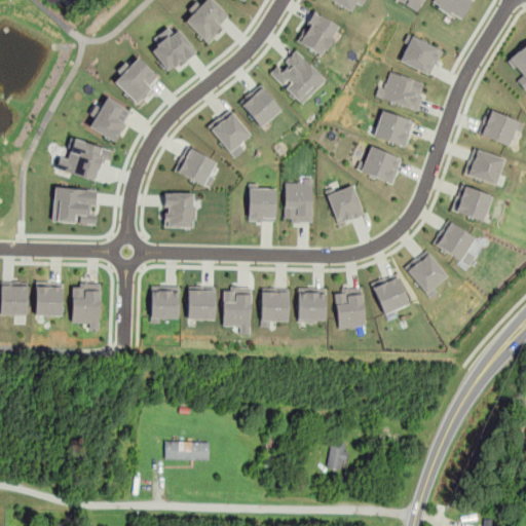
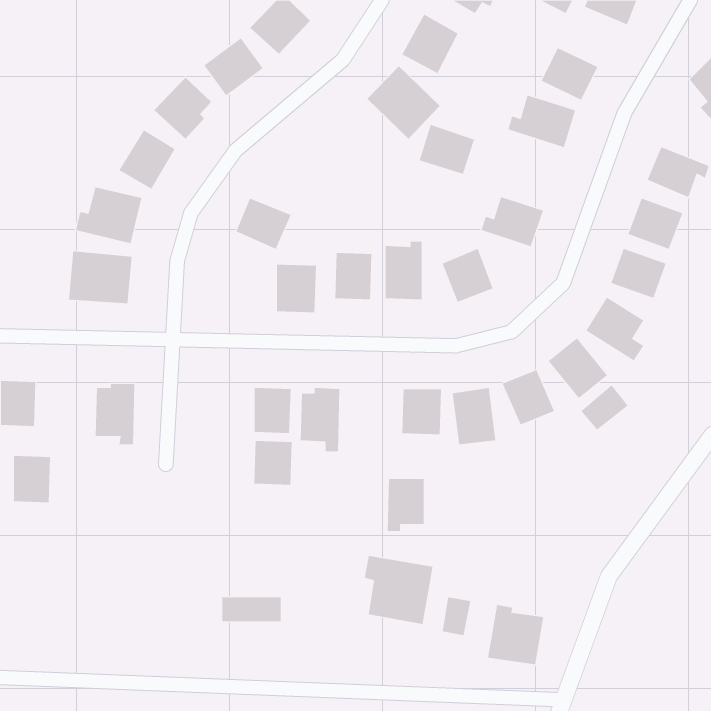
building: [240,85,281,127] -> none
building: [209,110,251,158] -> none
building: [373,110,414,147] -> [419,124,475,174]
building: [164,192,194,228] -> [276,264,317,313]
building: [35,281,63,316] -> [13,455,51,503]
building: none -> [581,385,629,431]
building: [150,286,179,318] -> [253,440,292,485]
building: [261,288,289,327] -> [387,479,425,532]
building: none -> [364,555,433,625]
building: none -> [487,604,544,665]

